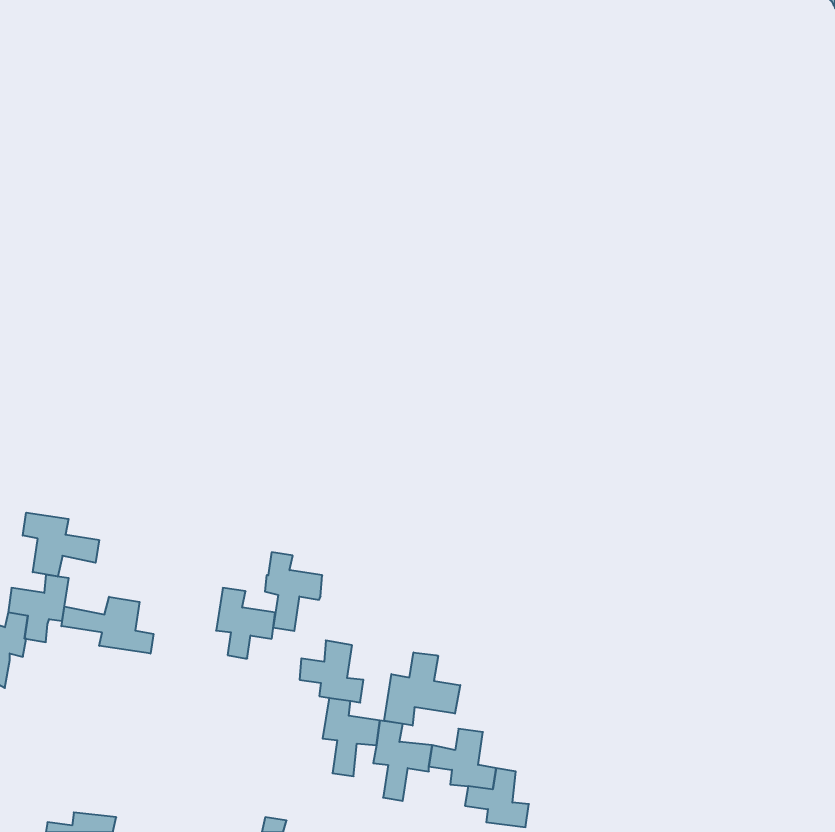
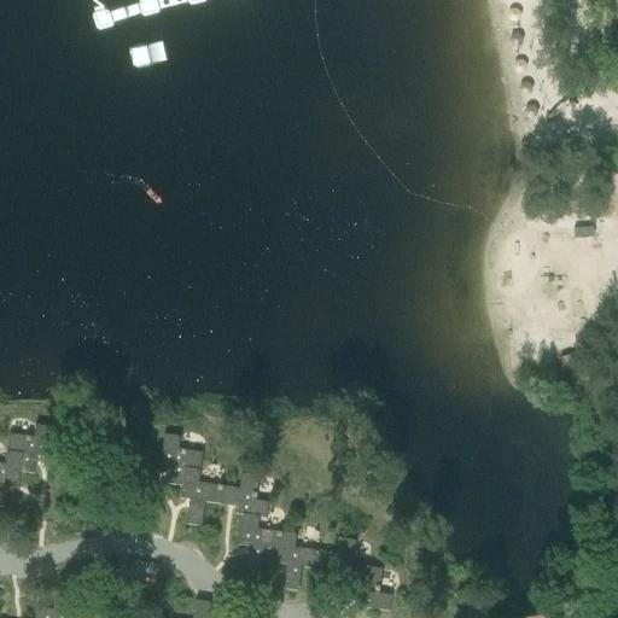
building: [23,513,99,577] -> none
building: [265,552,322,631] -> [180,468,222,526]
building: [61,597,153,654] -> none
building: [384,652,460,726] -> none

